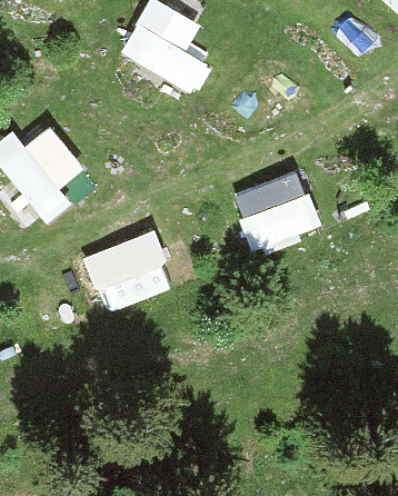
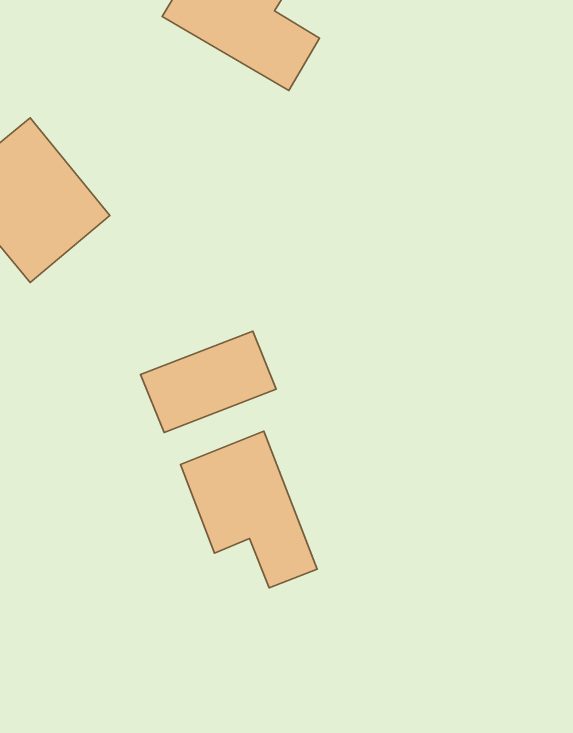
building: [228,166,324,258] -> none
building: none -> [181,431,317,588]

